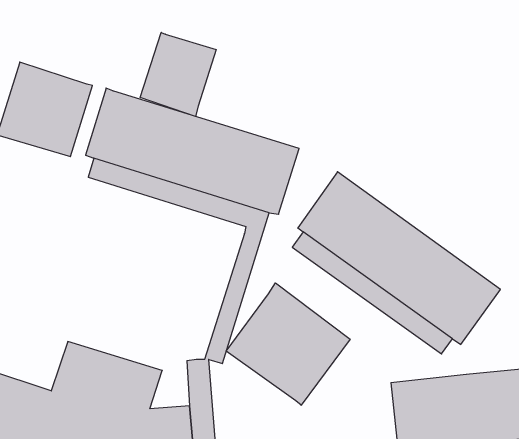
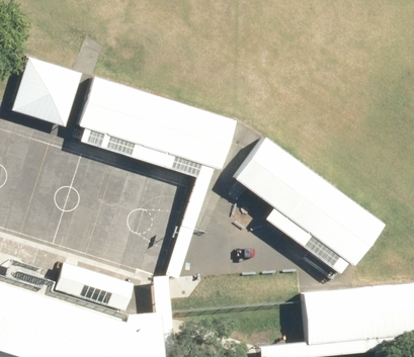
building: [140,32,216,116] -> none
building: [226,283,350,405] -> none

